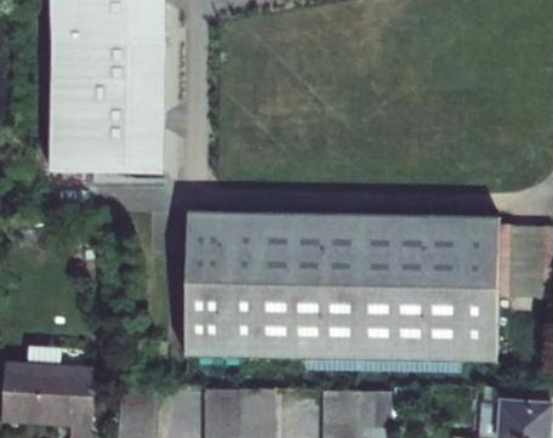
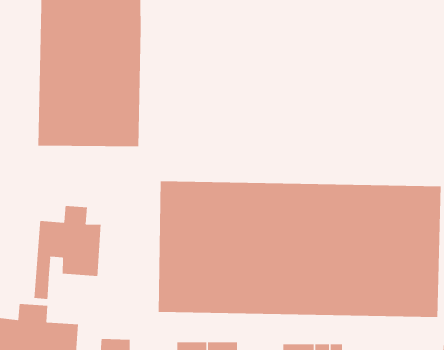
building: none -> [34,205,101,300]

